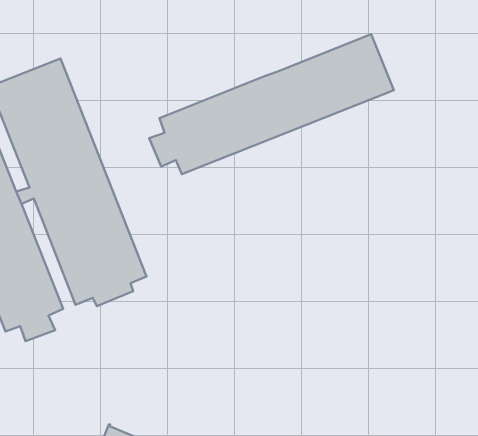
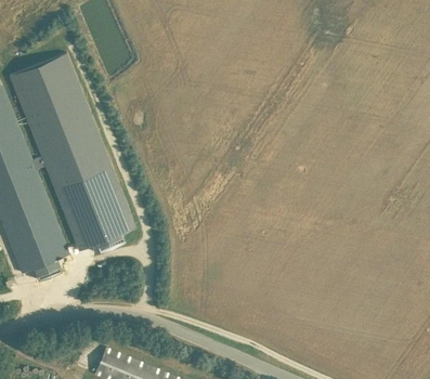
building: [149,34,394,174] -> none

